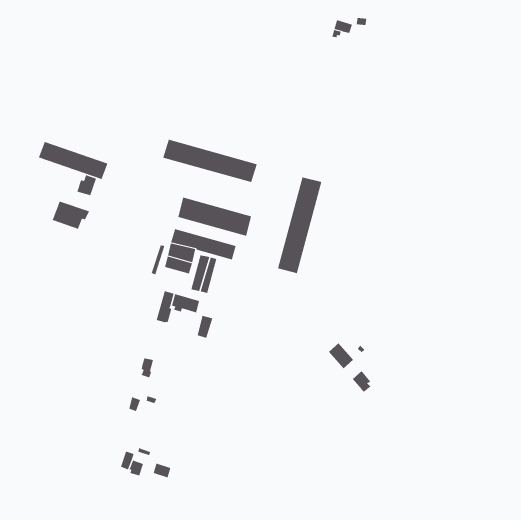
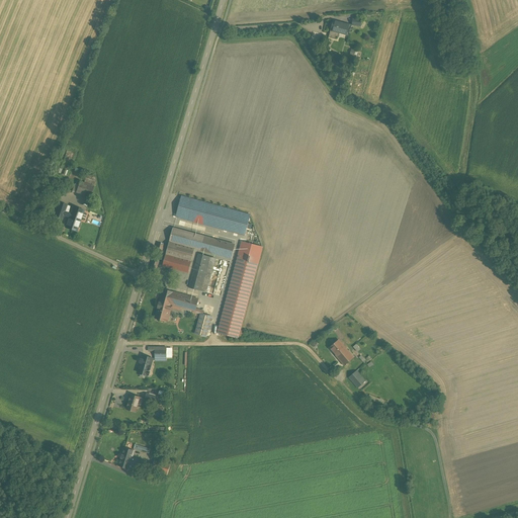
building: [162,139,258,183] -> none
building: [38,141,108,180] -> none
building: [277,177,322,274] -> [218,241,262,337]

